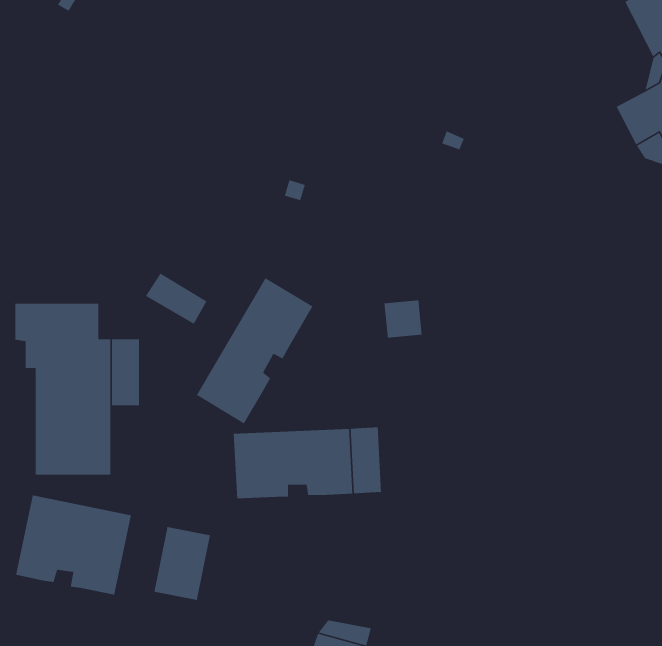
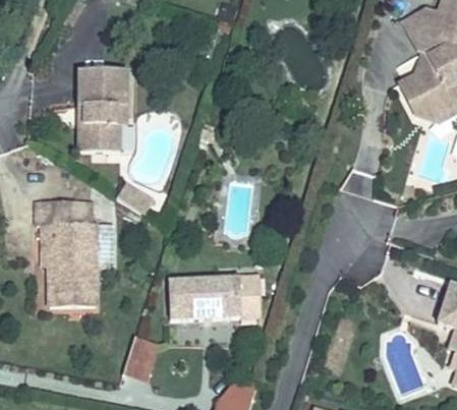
building: none -> [77,68,126,150]
building: [196,277,313,424] -> none
building: [15,494,132,596] -> none

